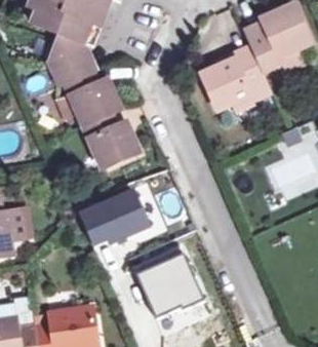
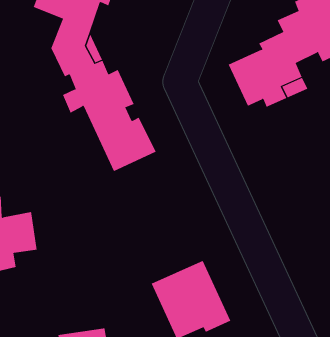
building: [80,190,149,242] -> none

